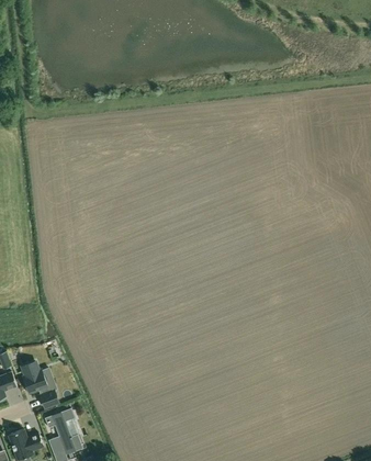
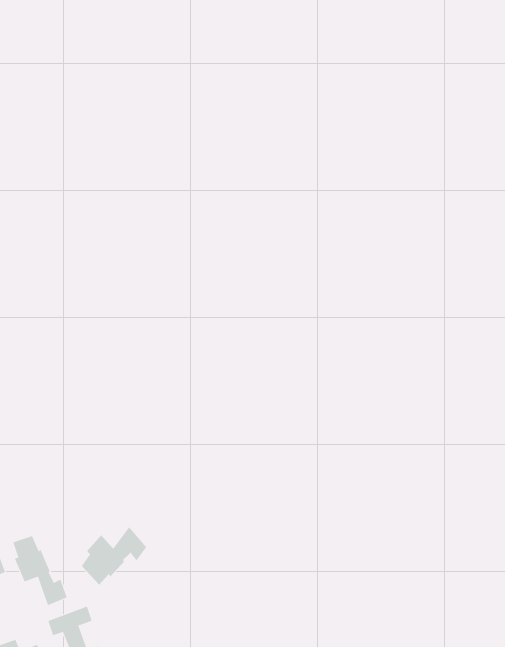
building: none -> [81,526,147,585]

